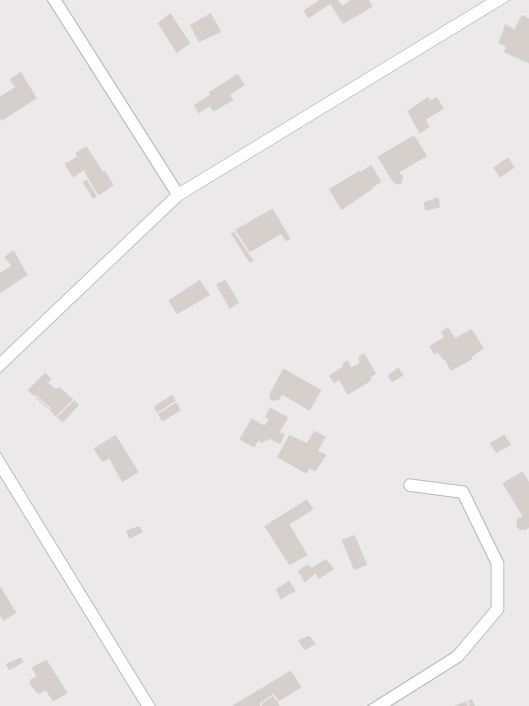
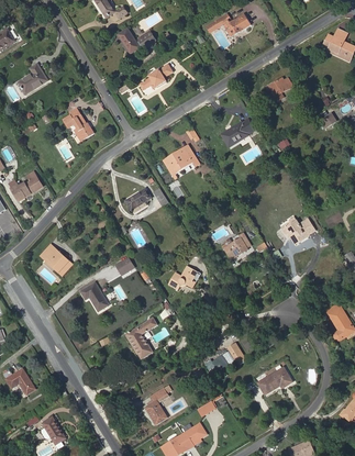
building: [376,134,428,185] -> none
building: [269,367,322,412] -> none
building: [276,430,328,474] -> none
building: [263,499,314,566] -> [125,318,156,358]
building: none -> [257,367,291,393]
building: none -> [144,386,169,424]

